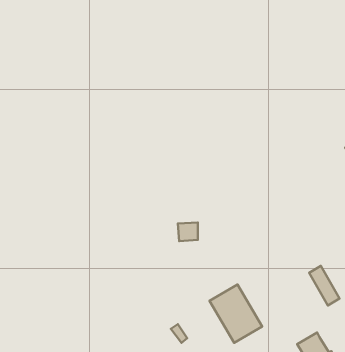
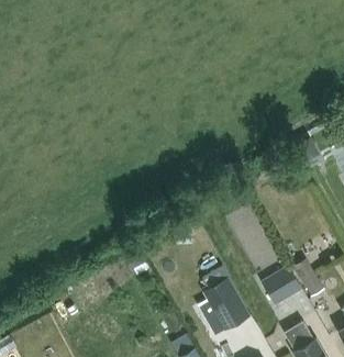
building: none -> [260,267,301,306]

